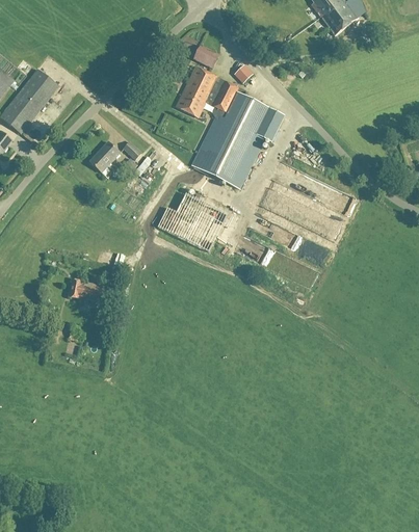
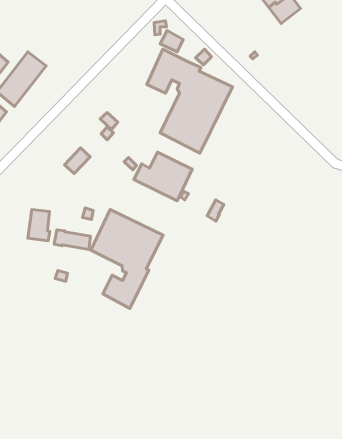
building: [88,141,119,171] -> [65,148,90,174]
building: none -> [91,209,163,309]
building: none -> [28,210,50,241]

